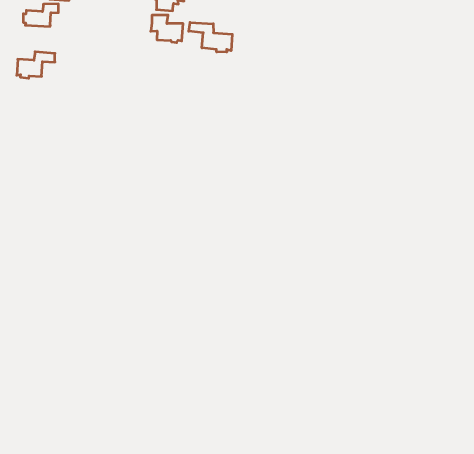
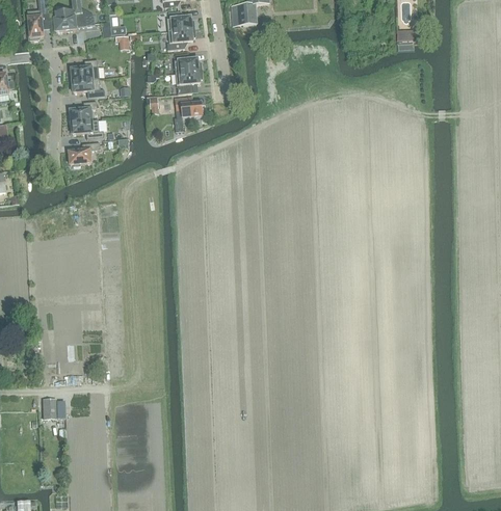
building: [189,22,232,52] -> none
building: none -> [71,118,103,138]

